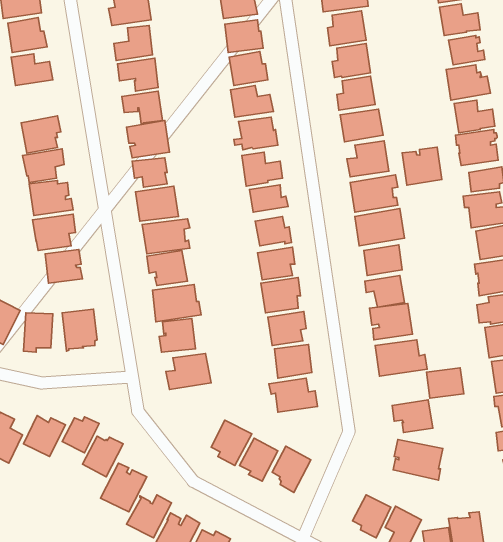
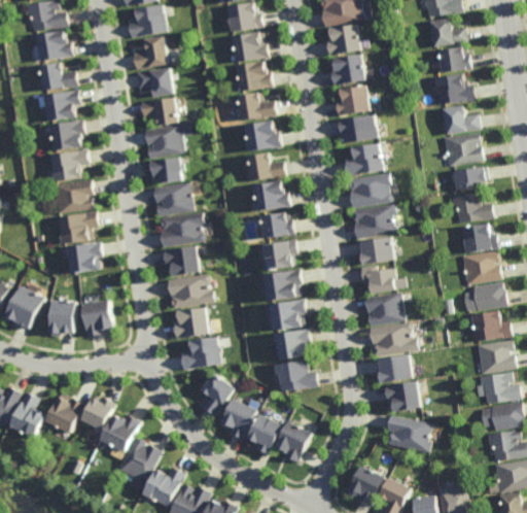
building: none -> [42,91,78,124]
building: [402,147,442,185] -> none
building: [426,368,464,398] -> [378,355,412,383]
building: none -> [199,373,235,415]

